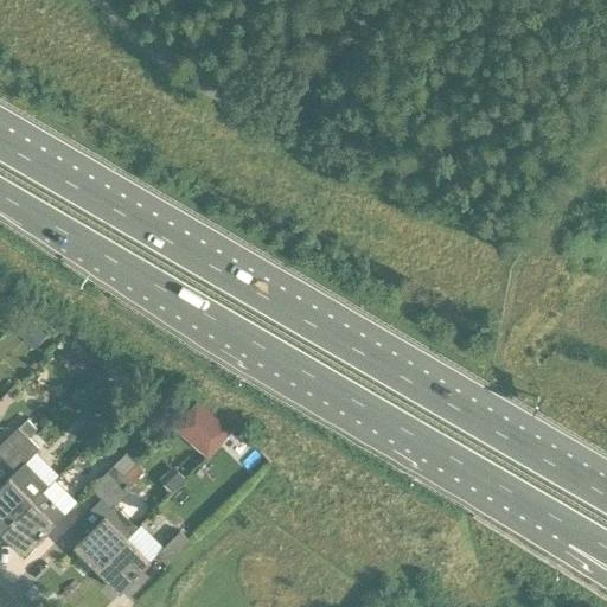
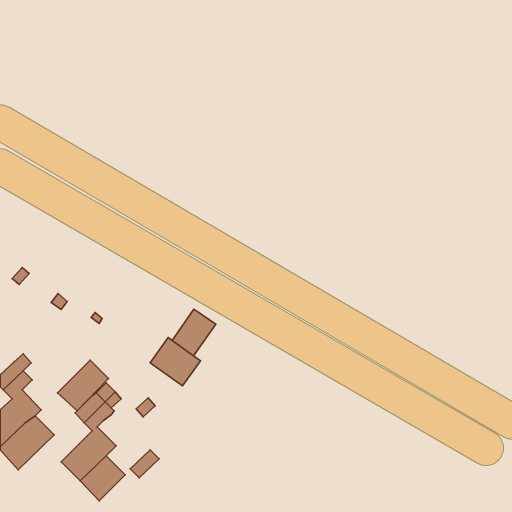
building: none -> [172,309,216,356]
building: none -> [58,360,109,411]

